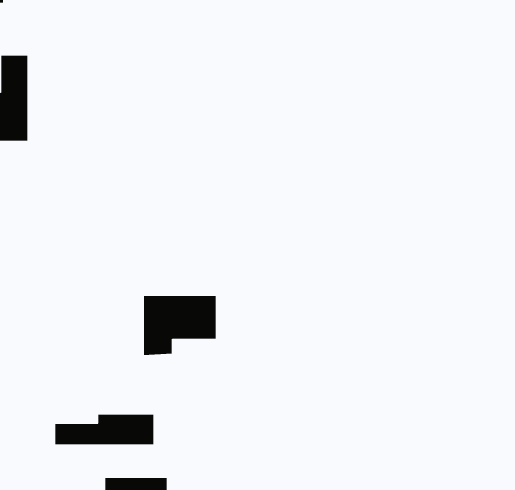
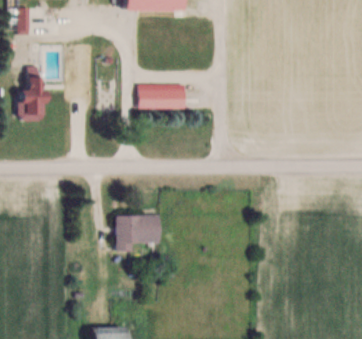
building: none -> [138,84,185,108]
building: [55,414,154,445] -> none

